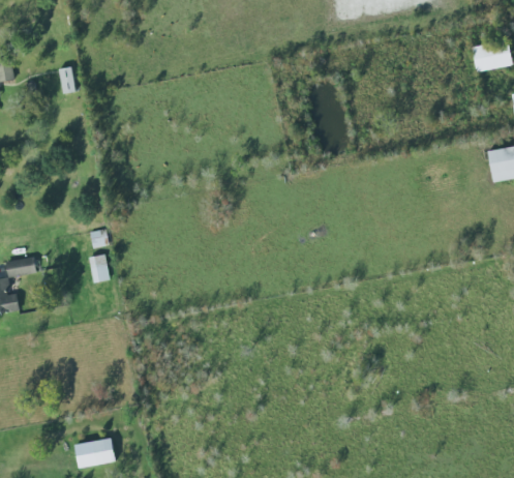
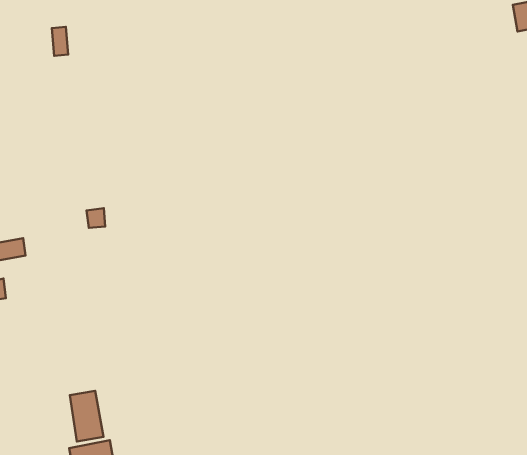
building: [88,255,109,282] -> none
building: none -> [70,391,103,442]

